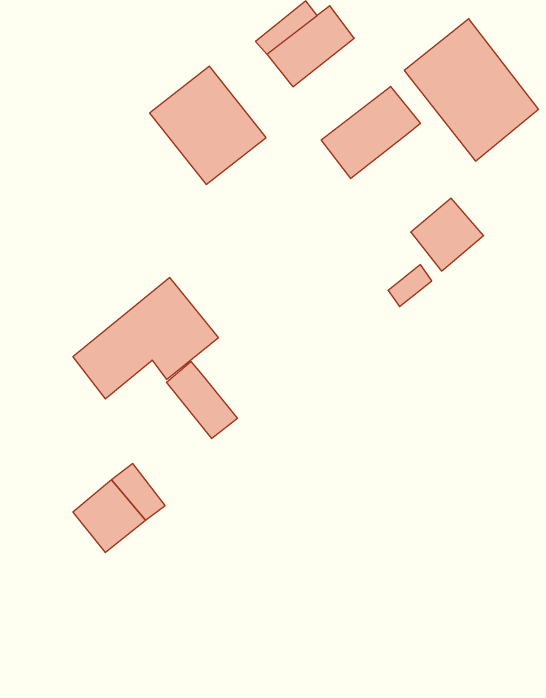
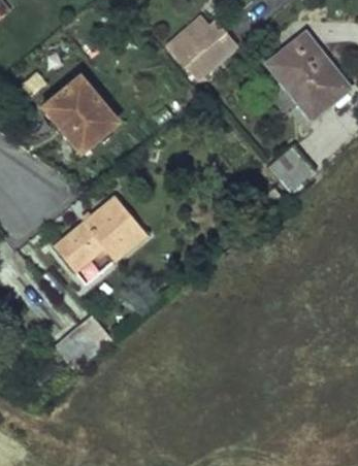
building: [150,66,266,184] -> [43,76,118,152]
building: [321,86,420,179] -> none
building: [167,361,237,439] -> none

